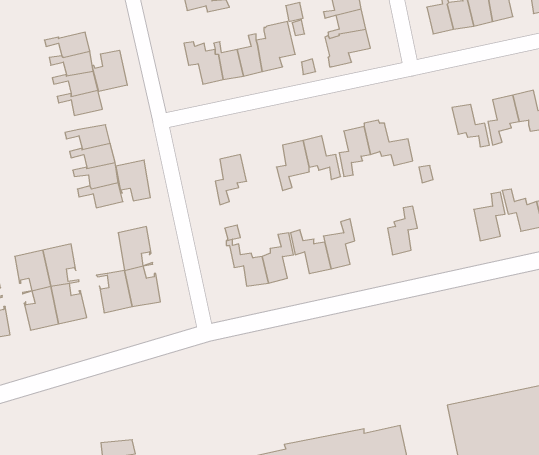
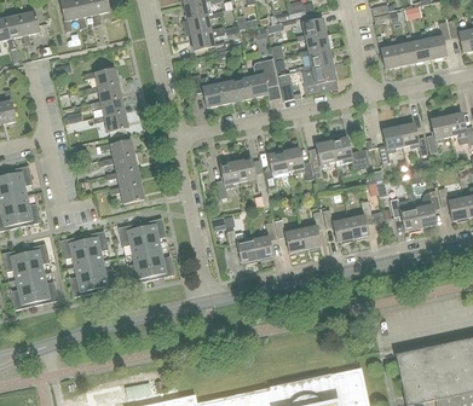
building: [92,50,127,91] -> none
building: none -> [379,124,404,163]
building: none -> [236,157,270,204]
building: [116,160,150,201] -> [120,221,146,253]
building: none -> [391,198,421,231]
building: none -> [323,208,353,242]

